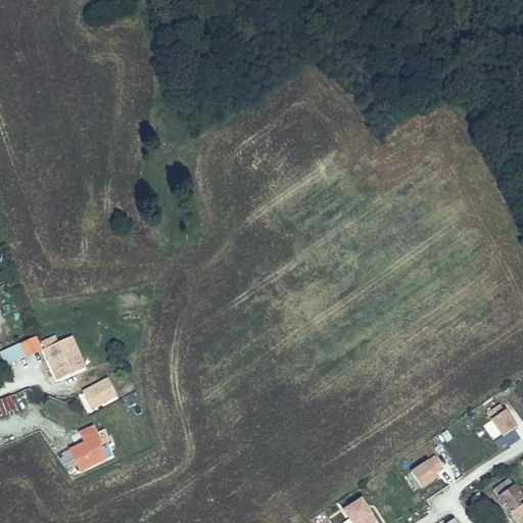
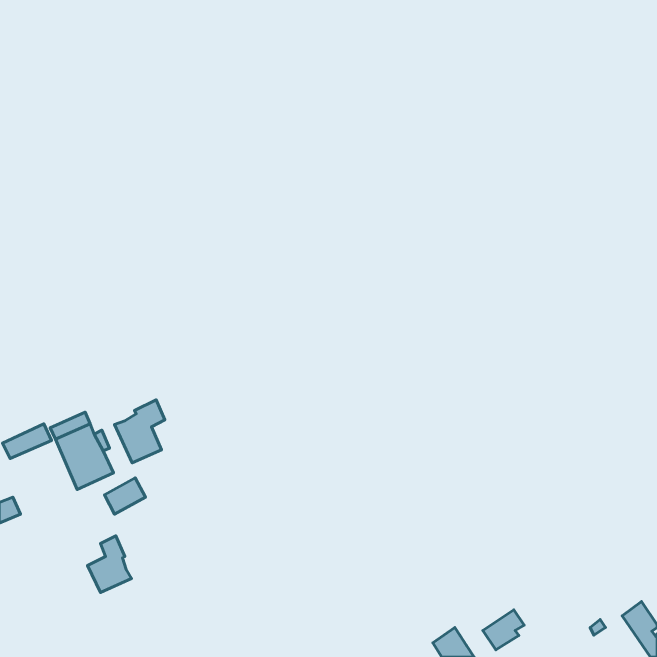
building: none -> [114,400,165,463]
building: [486,403,516,435] -> none
building: [411,455,443,486] -> [483,610,524,650]

